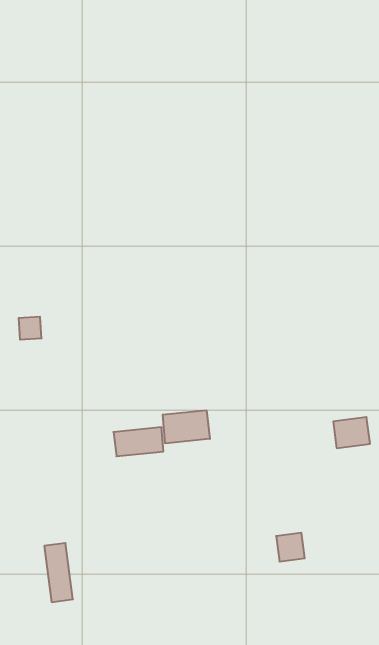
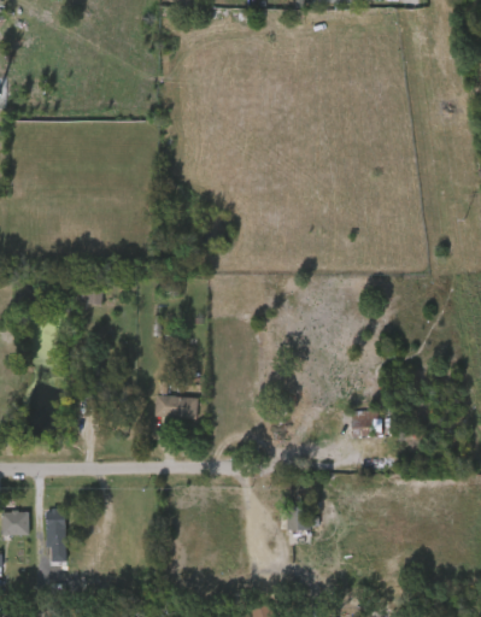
building: [163,410,210,443] -> none
building: [44,543,73,602] -> [47,511,66,562]

